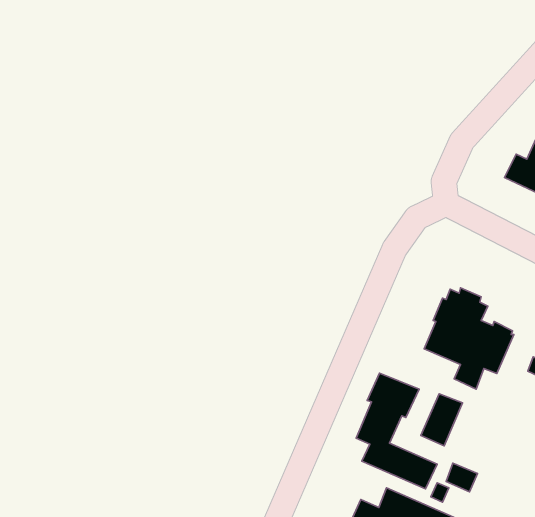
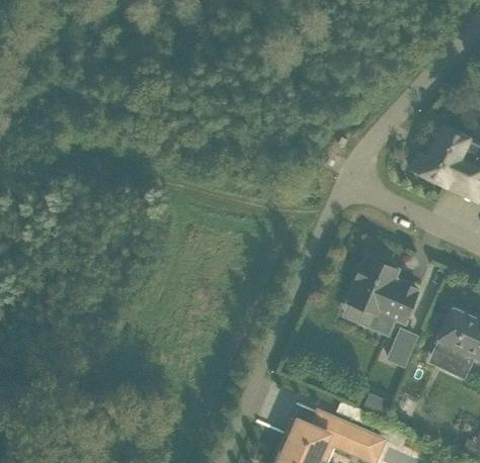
building: [356,373,437,489] -> none
building: [421,394,462,446] -> [385,328,417,368]

